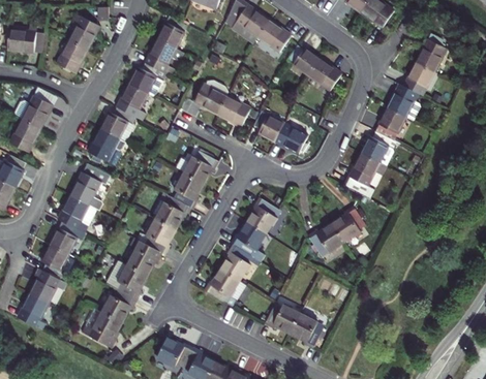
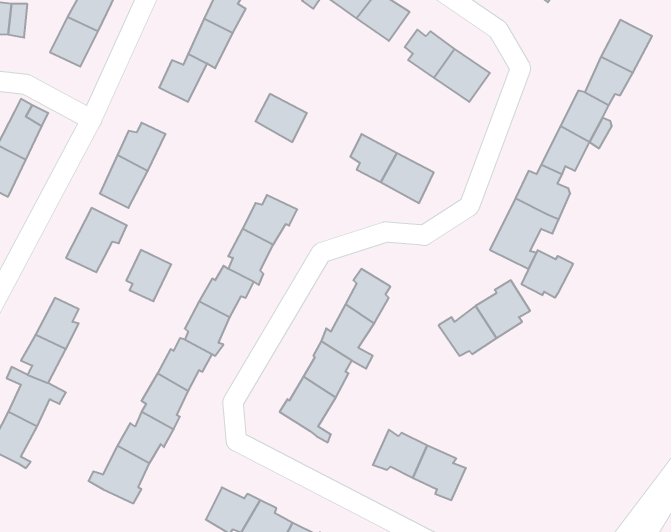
building: [118,81,148,110] -> none
building: [215,97,247,128] -> none
building: none -> [522,250,573,298]
building: [60,190,89,223] -> [126,250,171,301]

